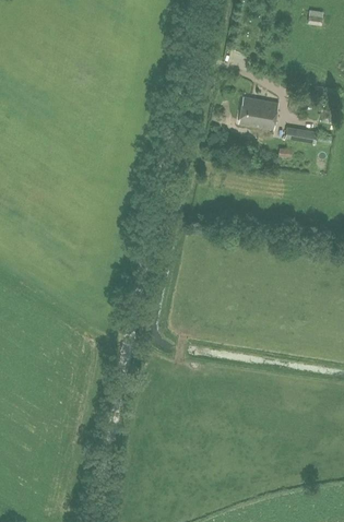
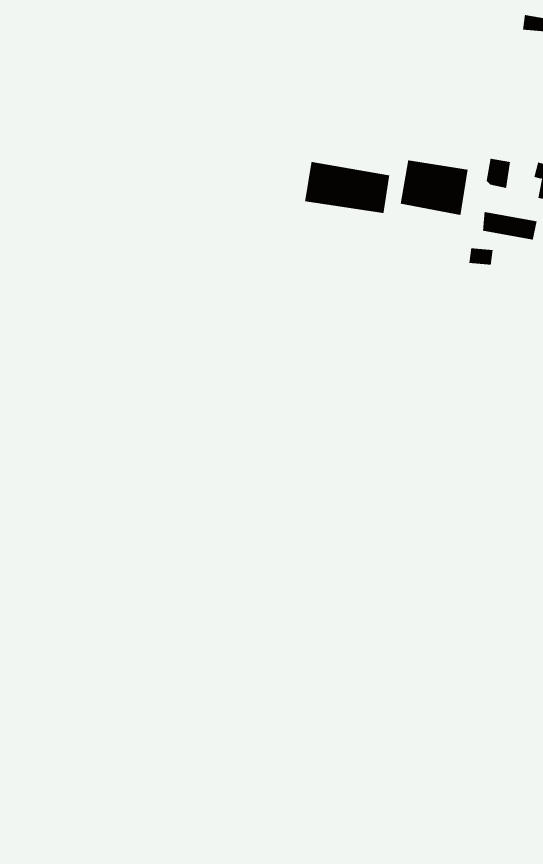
building: none -> [305,161,390,214]

